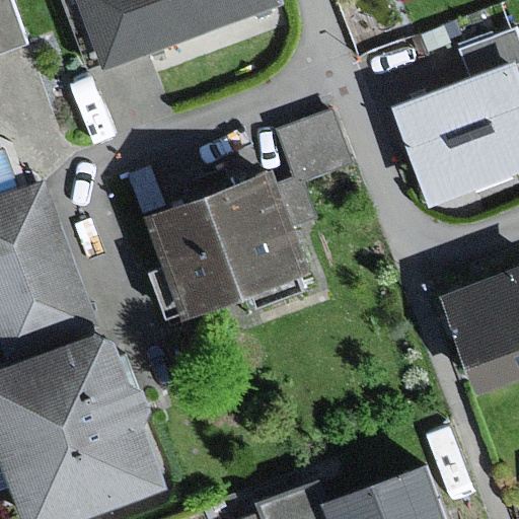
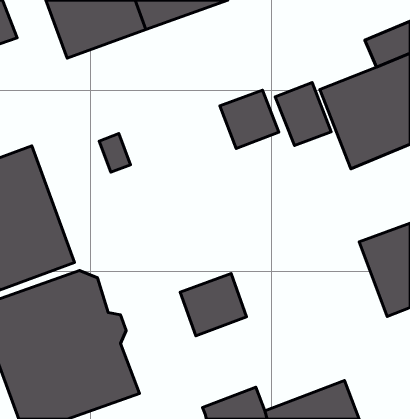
building: none -> [275,82,331,146]
building: [150,173,313,319] -> none
building: none -> [180,274,246,336]

